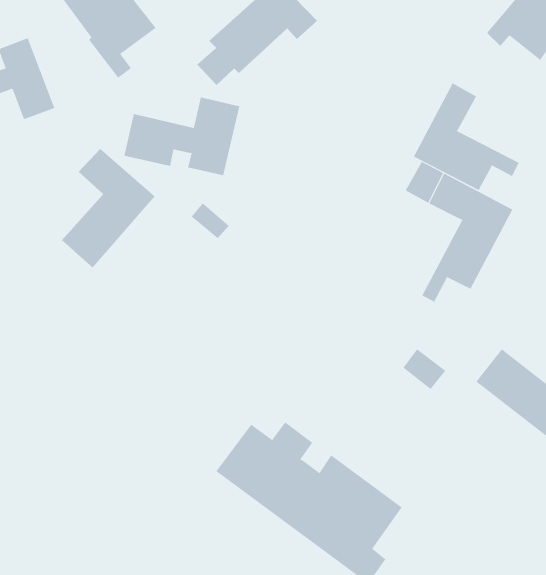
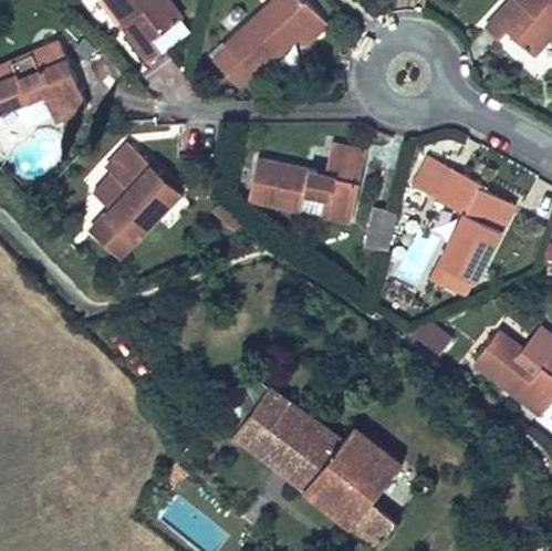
building: [413,82,519,191] -> none
building: [124,97,240,176] -> [261,142,371,216]
building: none -> [366,201,398,247]

